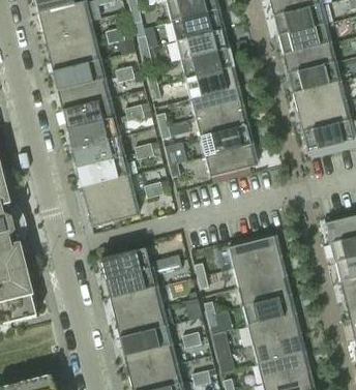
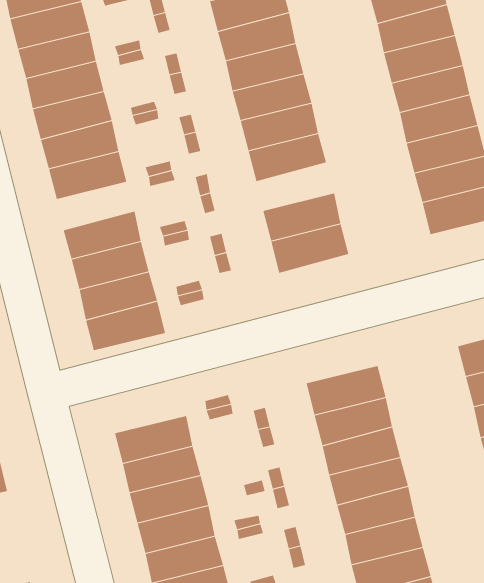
building: [197,106,247,137] -> none
building: [68,118,119,149] -> none
building: [100,247,152,279] -> none

